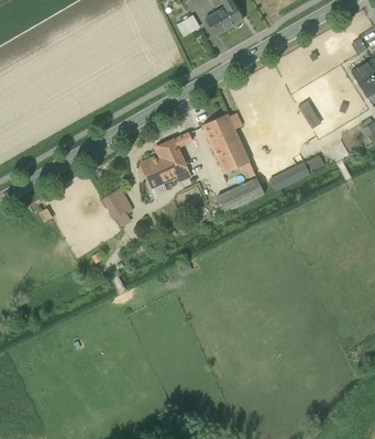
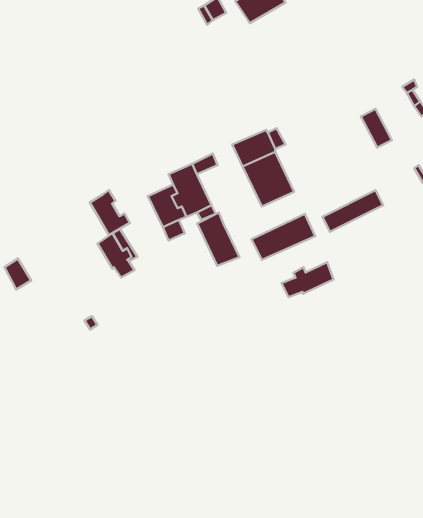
building: none -> [90,190,130,235]
building: none -> [197,213,240,266]
building: none -> [281,262,334,297]

